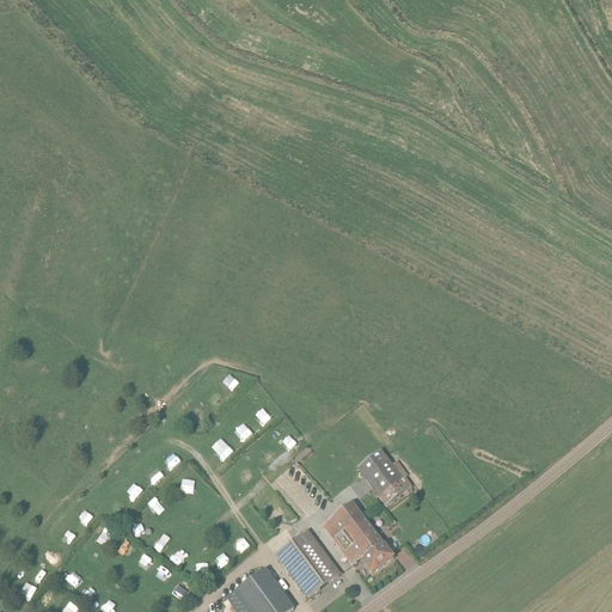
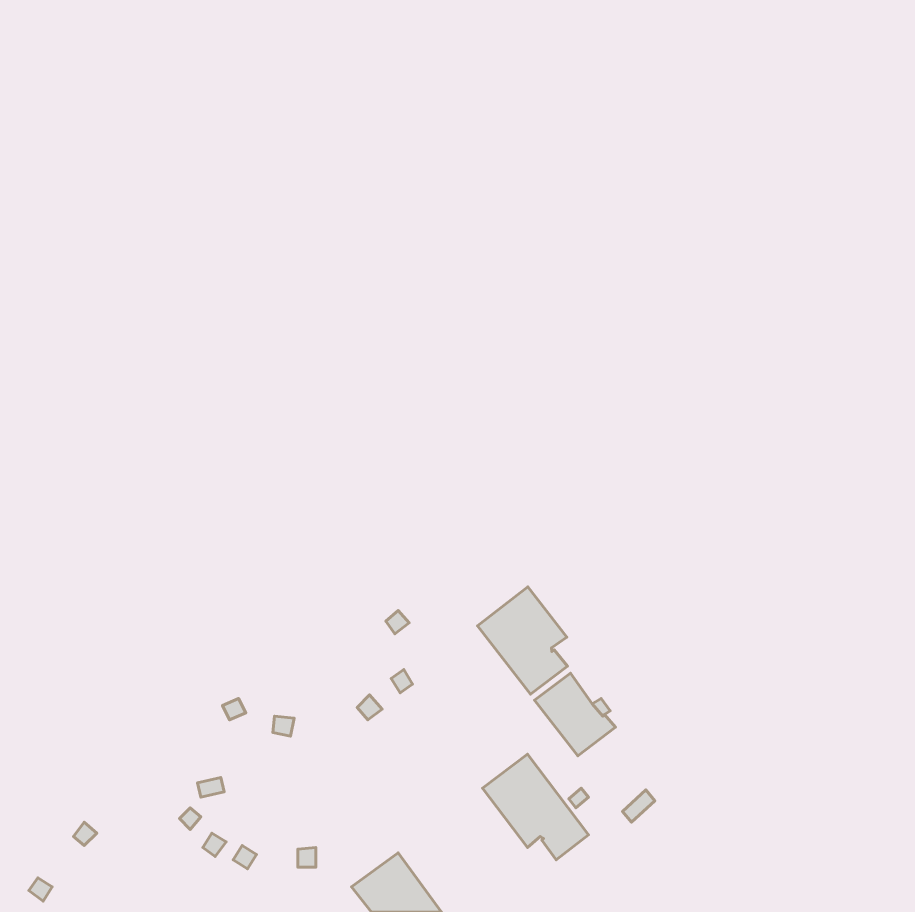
building: none -> [477,587,567,694]
building: [275,528,339,596] -> none

